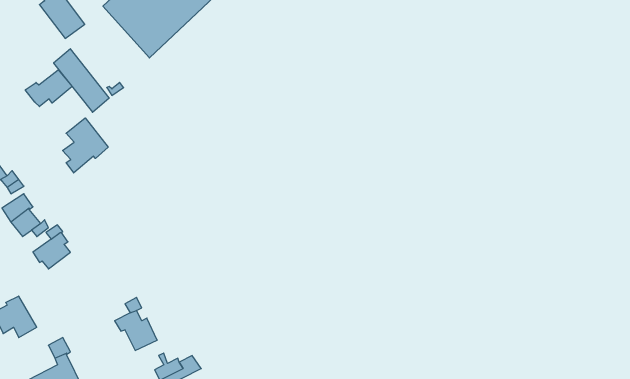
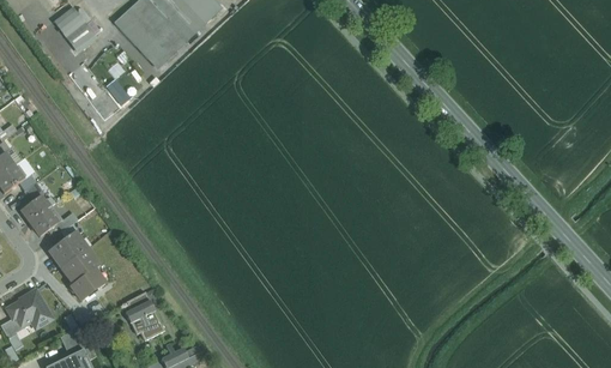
building: [25,70,72,107] -> none
building: [63,118,108,173] -> none
building: none -> [61,248,105,301]

